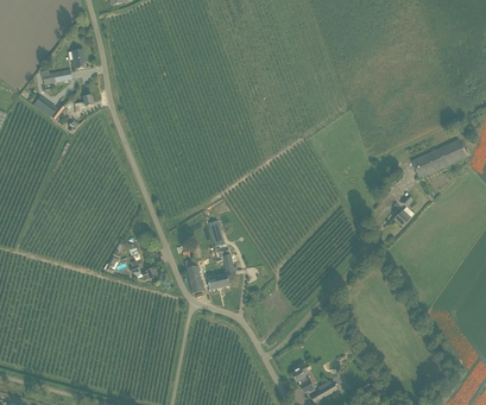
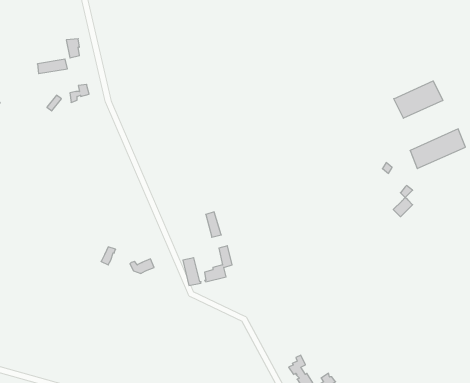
building: none -> [394,81,443,118]

